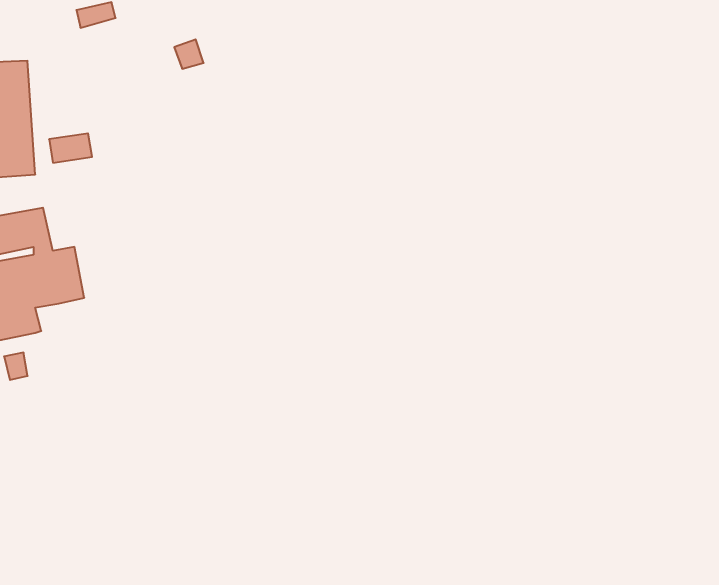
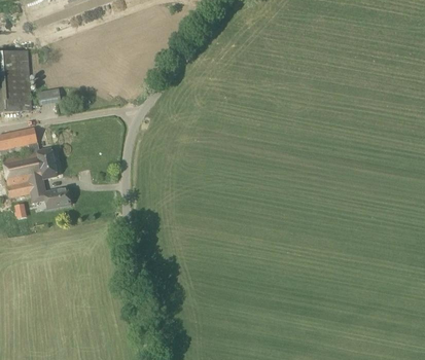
building: none -> [30,177,70,208]

